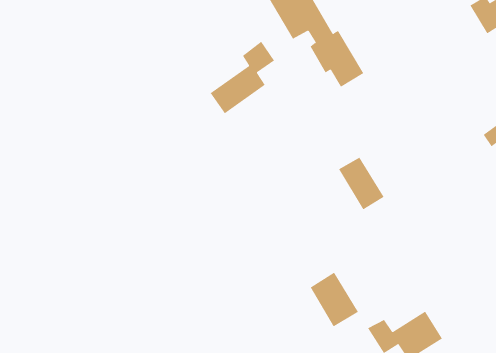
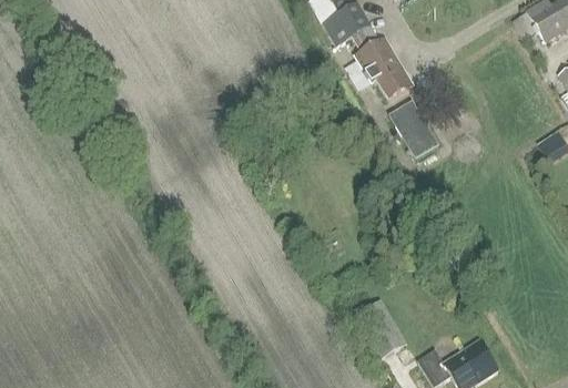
building: [210,41,275,114] -> none
building: [338,157,384,210] -> [389,100,439,157]

